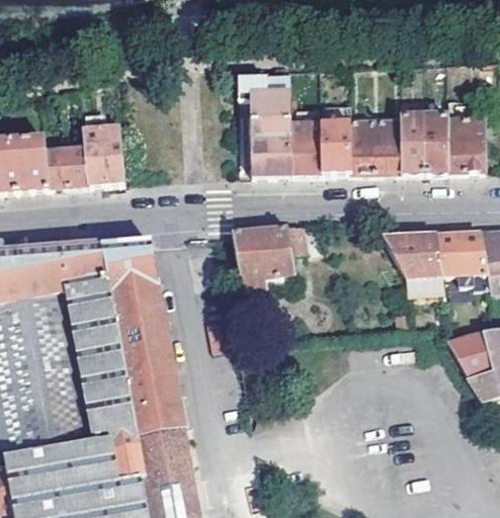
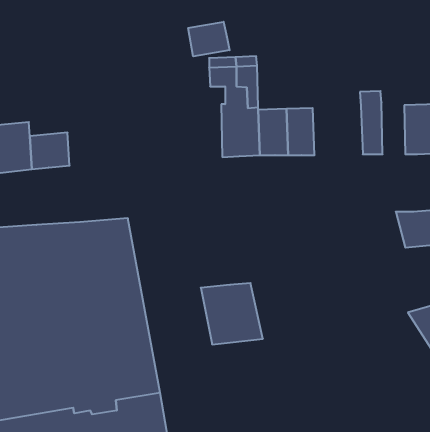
building: none -> [188,22,230,56]
building: [422,115,447,172] -> none
building: [348,120,402,173] -> none
building: [84,123,123,184] -> none
building: [233,227,300,292] -> [201,283,263,344]
building: [383,234,451,289] -> none

